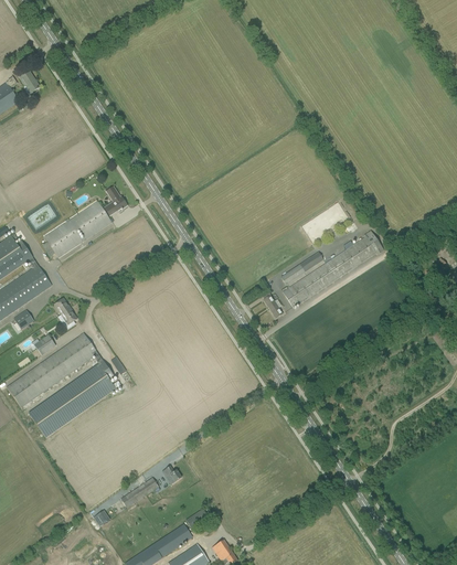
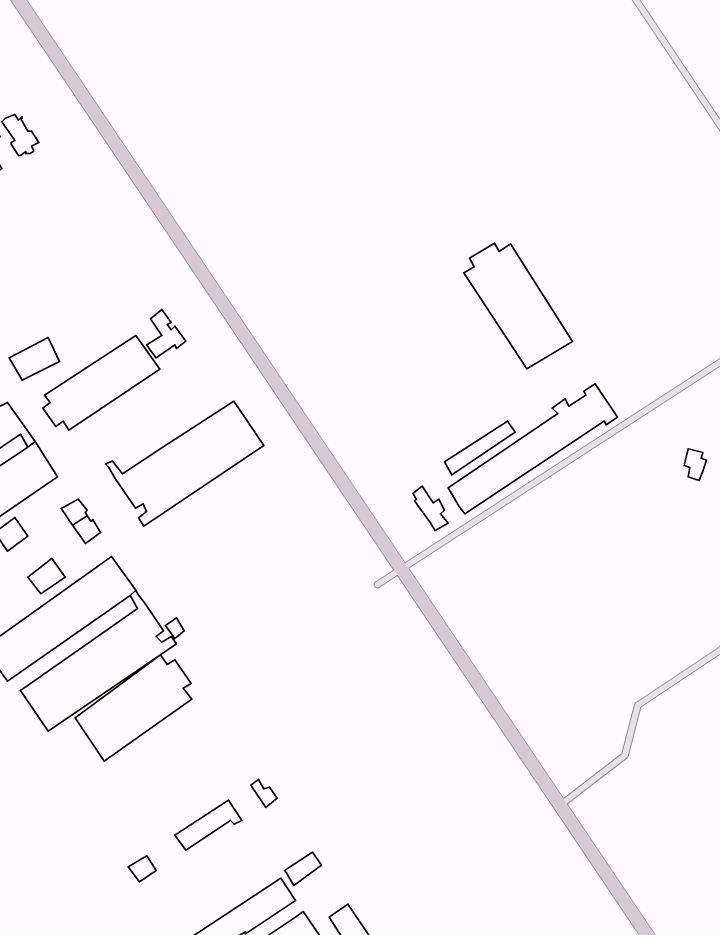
building: none -> [464,243,573,369]
building: none -> [106,401,264,526]
building: none -> [75,655,192,761]

